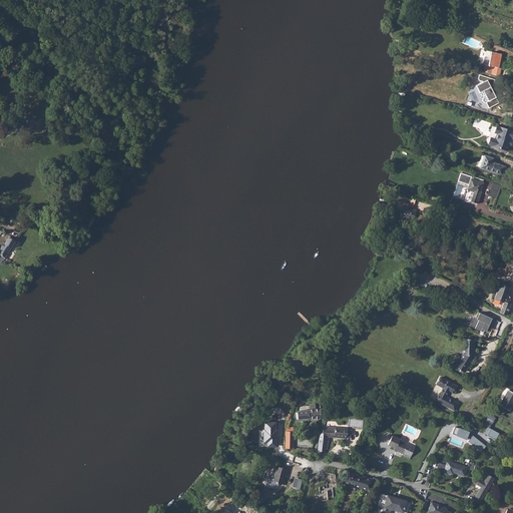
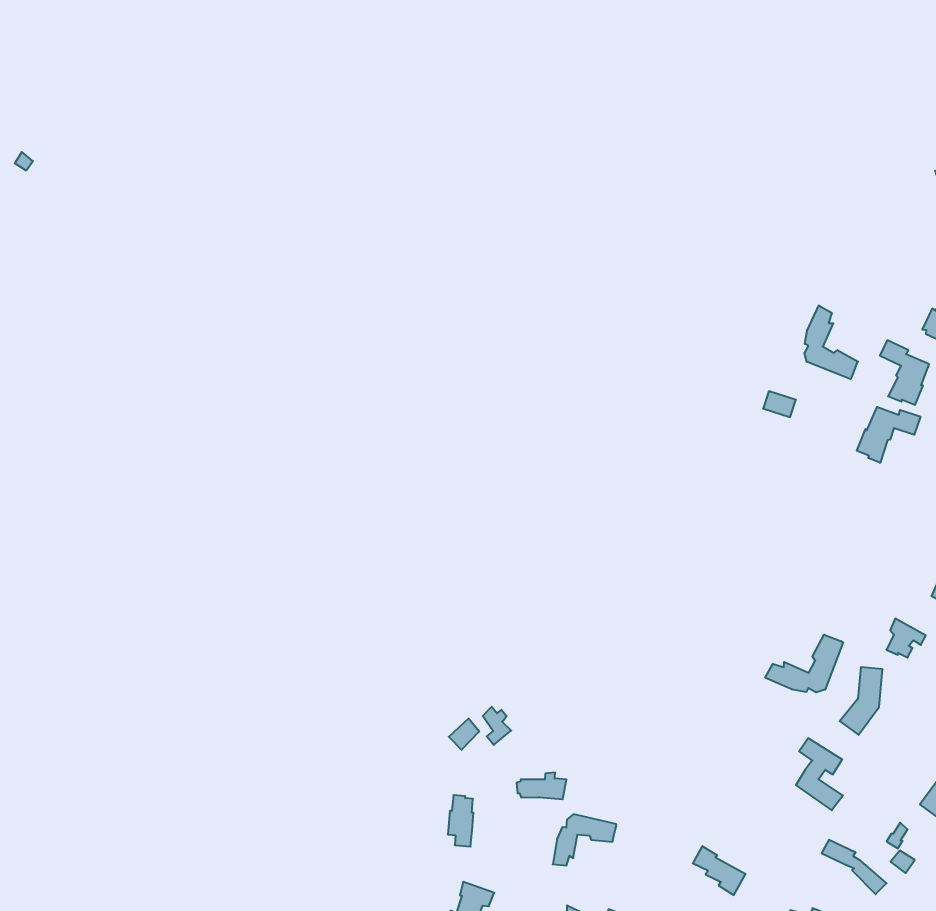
building: none -> [804,305,858,379]
building: none -> [857,407,920,463]
building: none -> [765,635,843,692]

